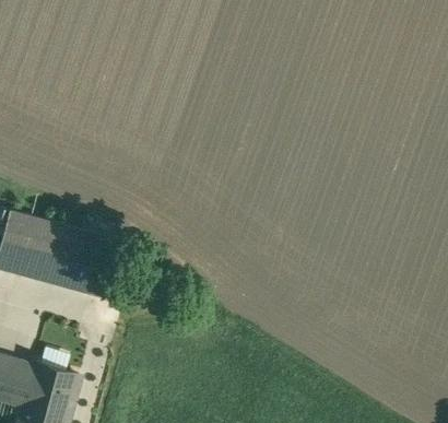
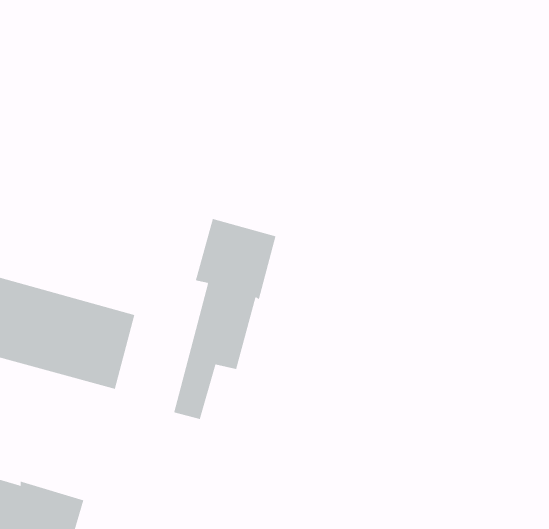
building: none -> [173,218,276,420]

